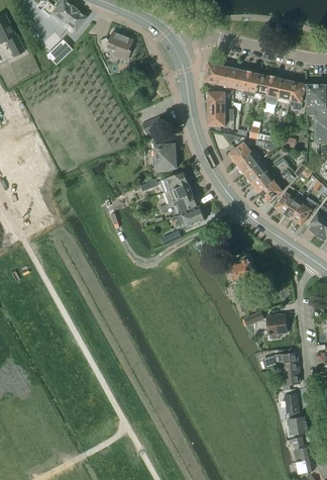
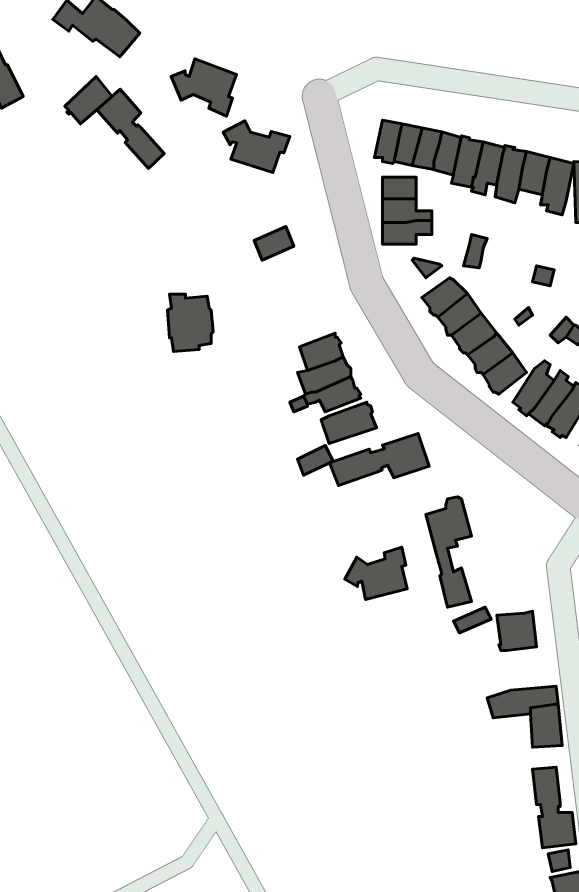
building: none -> [97,89,164,169]
building: none -> [223,121,290,173]
building: [154,142,178,172] -> [168,294,213,351]
building: none -> [330,433,429,486]
building: none -> [345,547,407,599]

